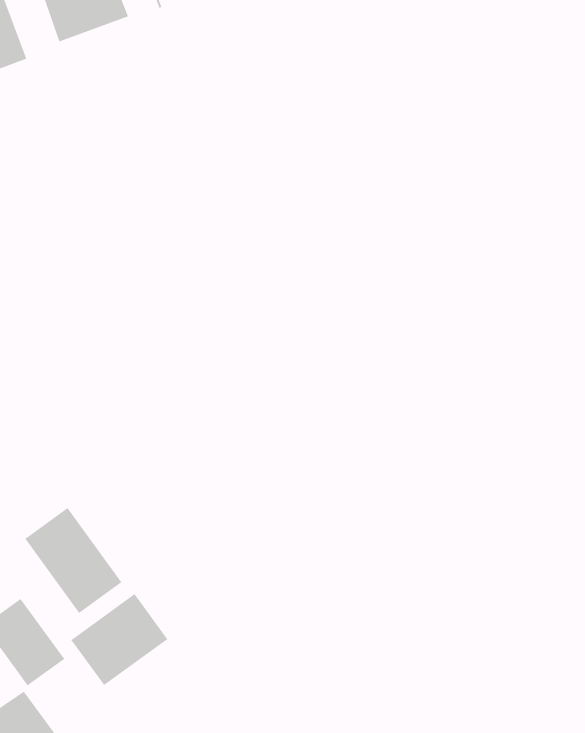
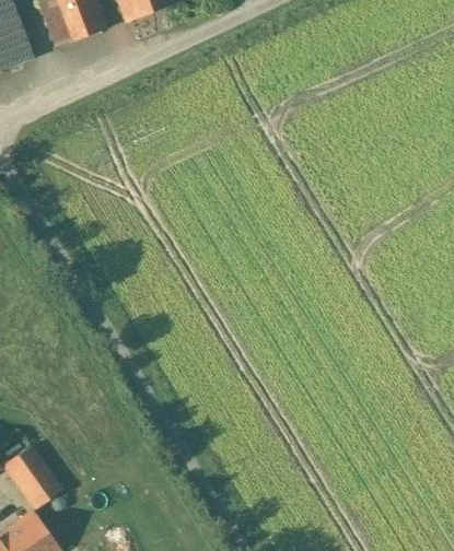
building: [24,507,122,614] -> none
building: [71,593,168,686] -> none

